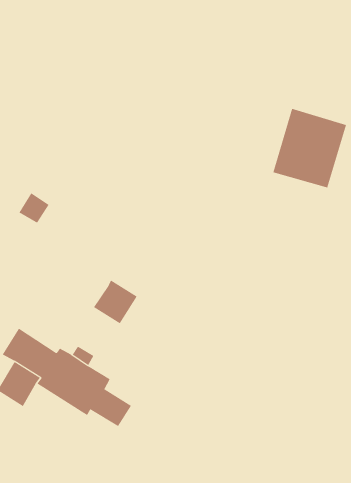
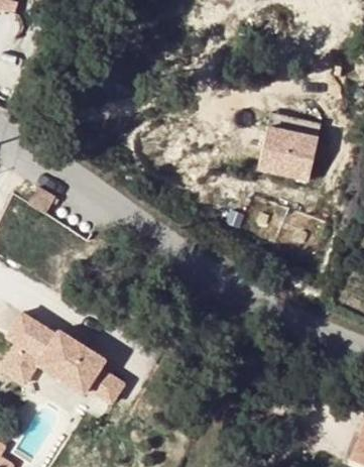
building: [93,280,138,324] -> none

